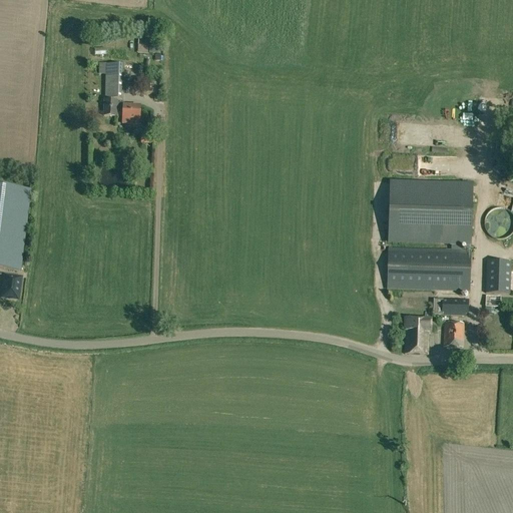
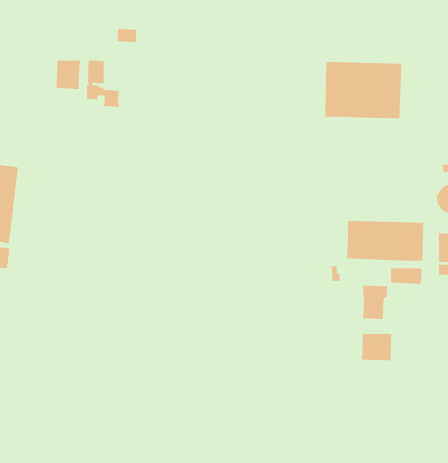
building: none -> [56,60,80,90]
building: [388,181,472,243] -> [325,61,402,119]
building: [443,321,463,347] -> none
building: none -> [361,333,392,361]

